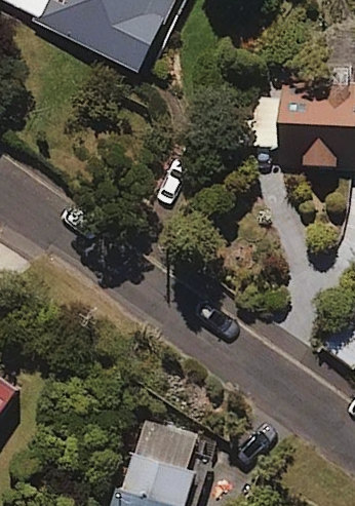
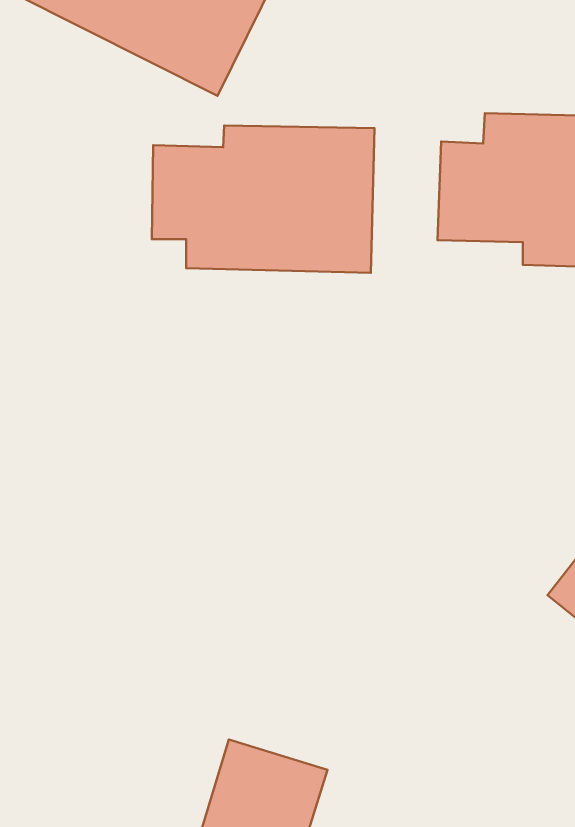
building: none -> [152,126,375,273]

